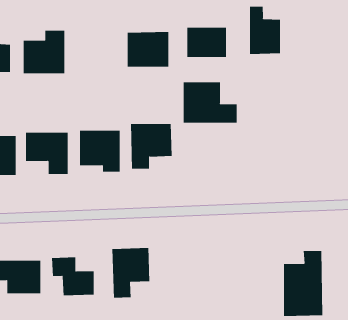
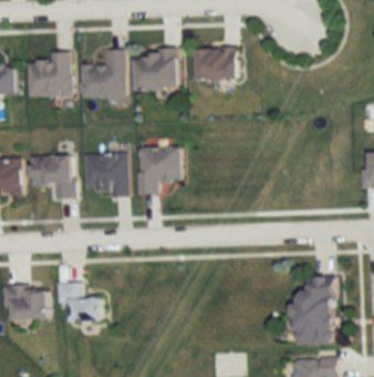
building: [249,6,281,55] -> none
building: none -> [81,49,125,96]
building: [183,81,237,124] -> none
building: [112,247,150,298] -> none

